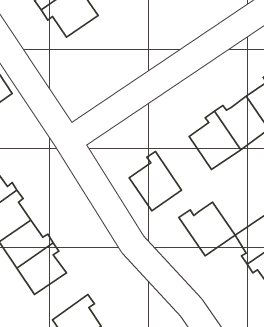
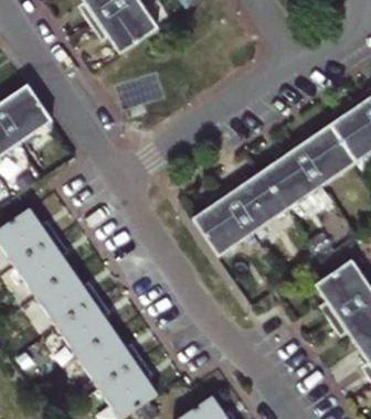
building: [179,202,235,256] -> [221,171,287,234]
building: none -> [78,331,141,386]

